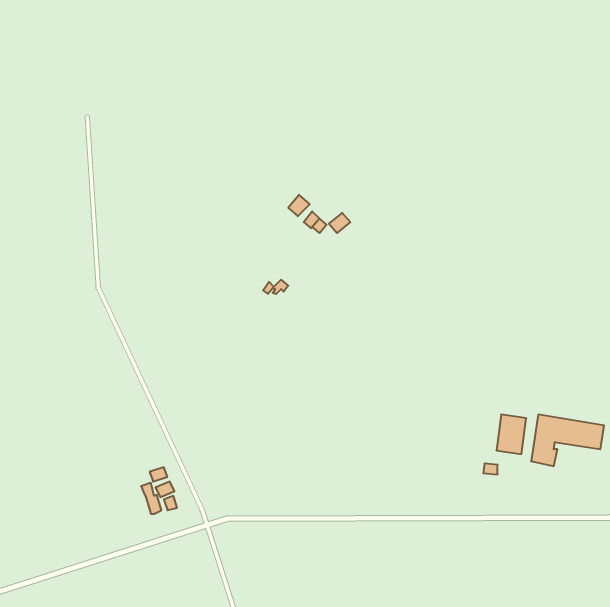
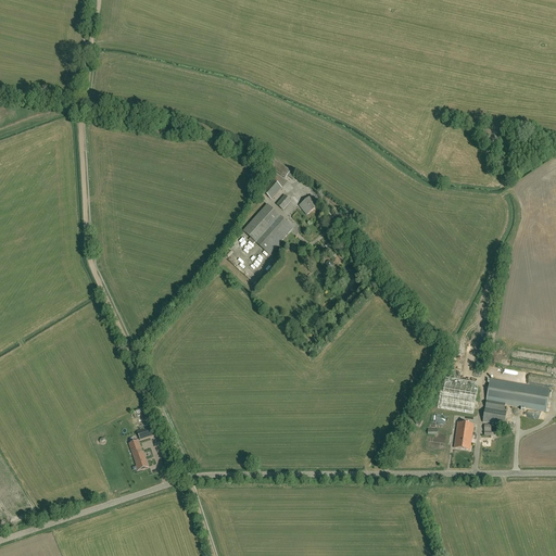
building: none -> [242,202,292,252]
building: none -> [453,420,472,447]

